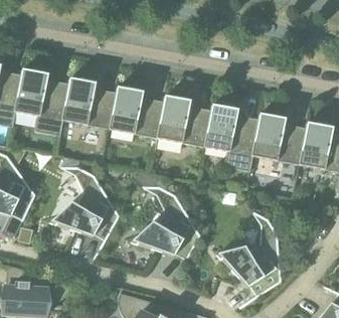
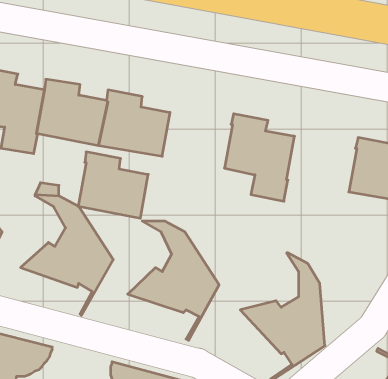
building: [156,97,209,147] -> [78,152,148,218]
building: [250,115,304,165] -> none

